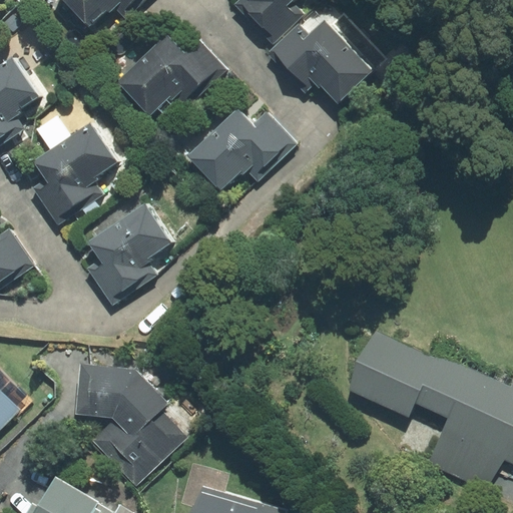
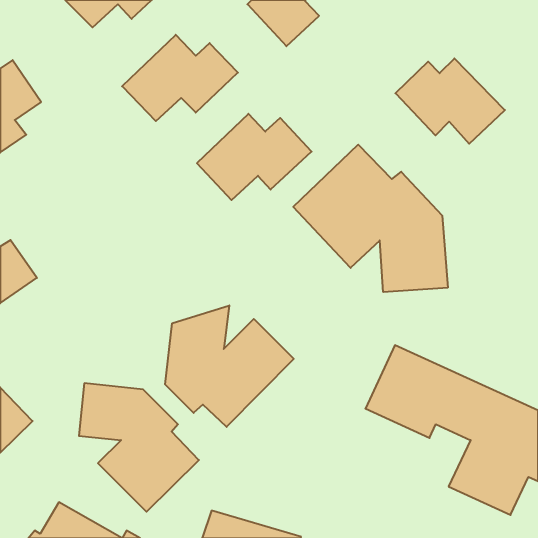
building: [268,21,372,102] -> [395,58,505,144]
building: [33,122,117,223] -> none
building: none -> [293,145,448,292]
building: [88,204,170,305] -> none
building: none -> [165,305,294,427]

